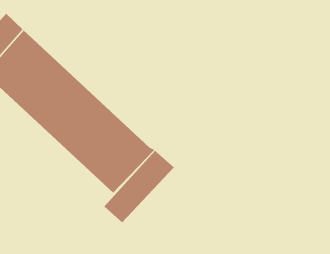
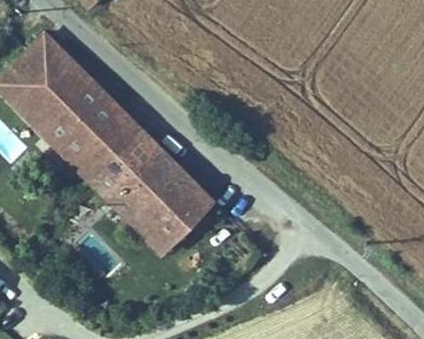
building: [103,150,175,223] -> none

